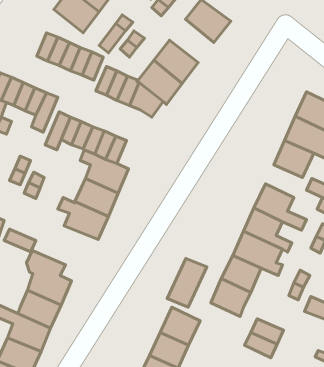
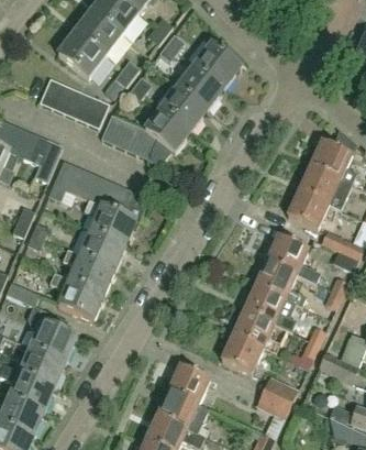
building: none -> [178,64,224,109]
building: none -> [51,273,103,319]
building: [167,259,207,307] -> none

